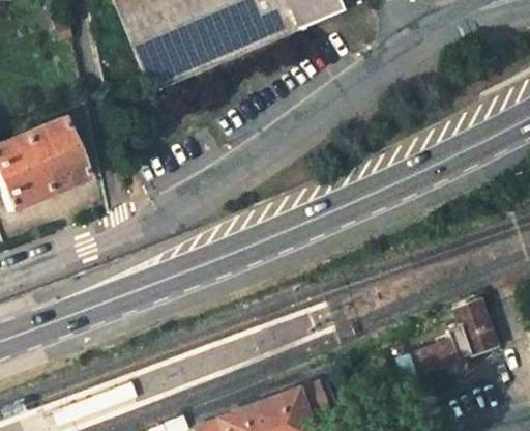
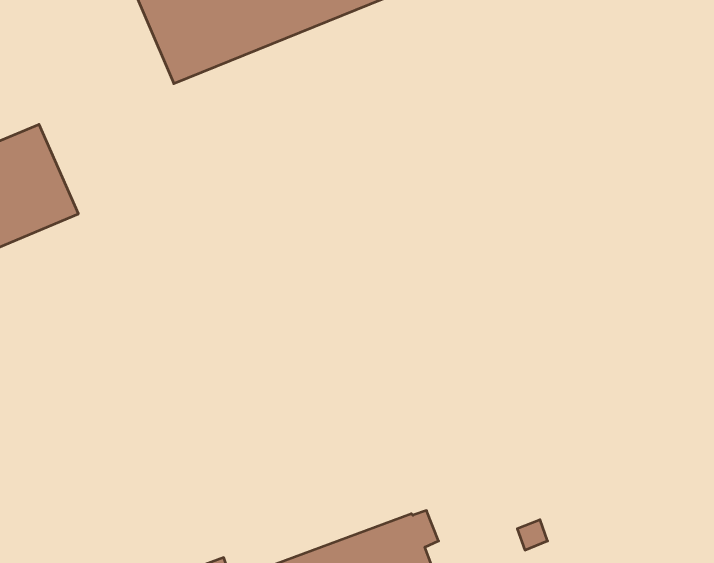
building: [412,300,496,373] -> none

